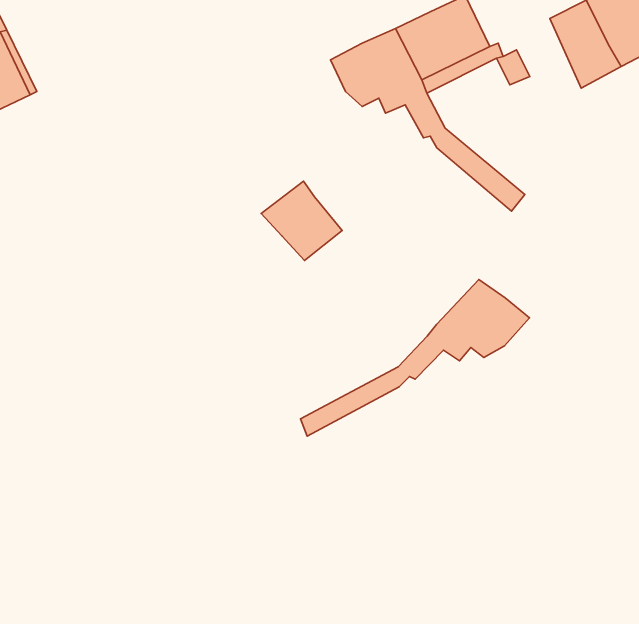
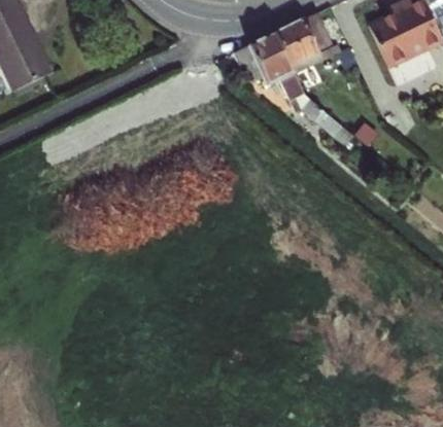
building: [261,181,342,261] -> none
building: [300,279,529,436] -> none

